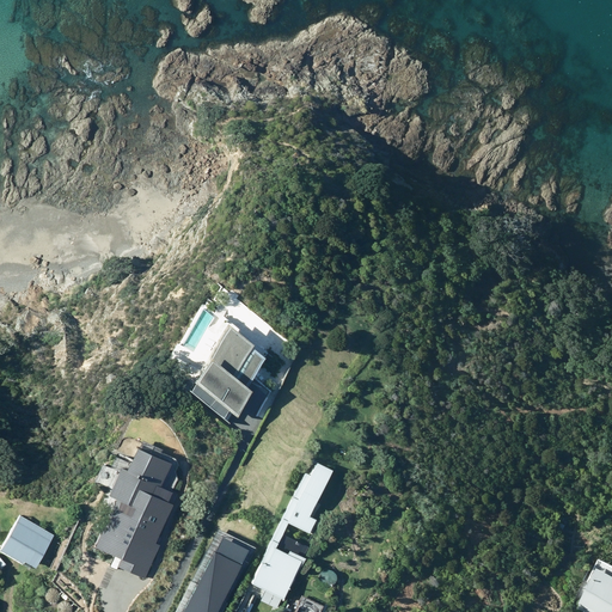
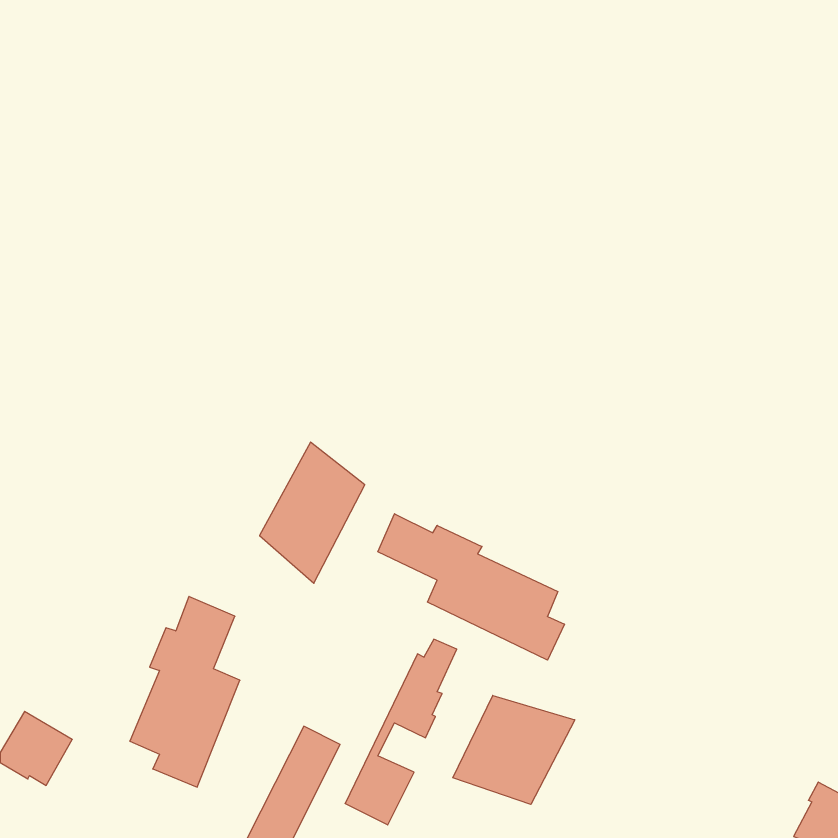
building: none -> [378,514,564,660]
building: none -> [453,695,575,804]

